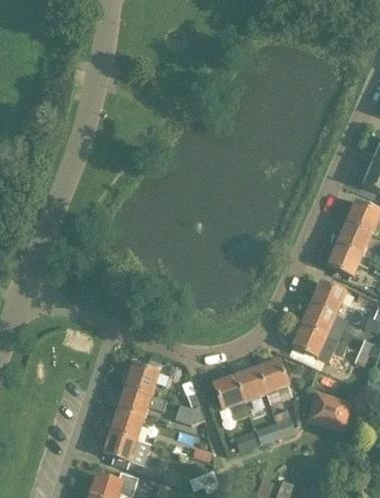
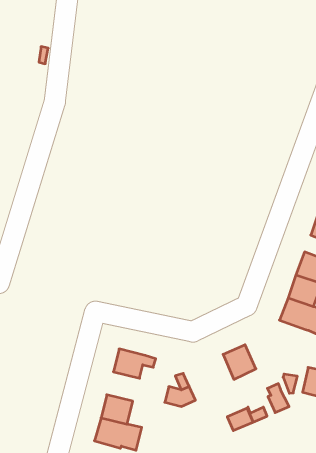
building: [257,358,289,392] -> none
building: [213,376,249,419] -> none
building: [118,386,166,416] -> none

